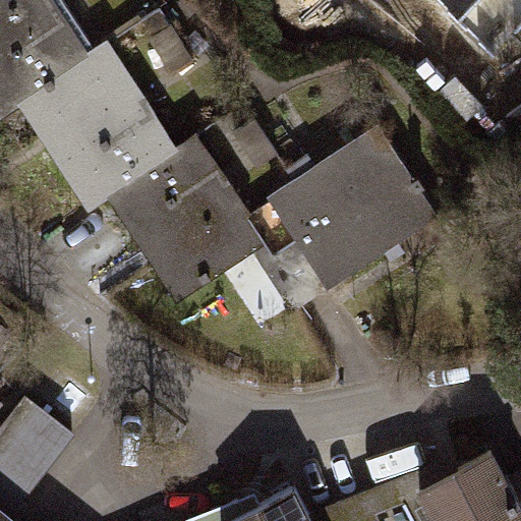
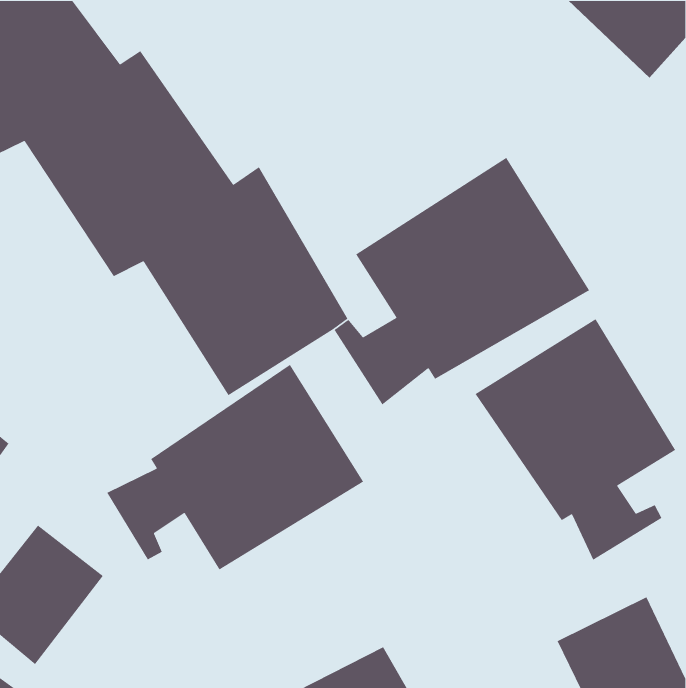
building: none -> [475,318,676,561]
building: none -> [106,364,364,571]

